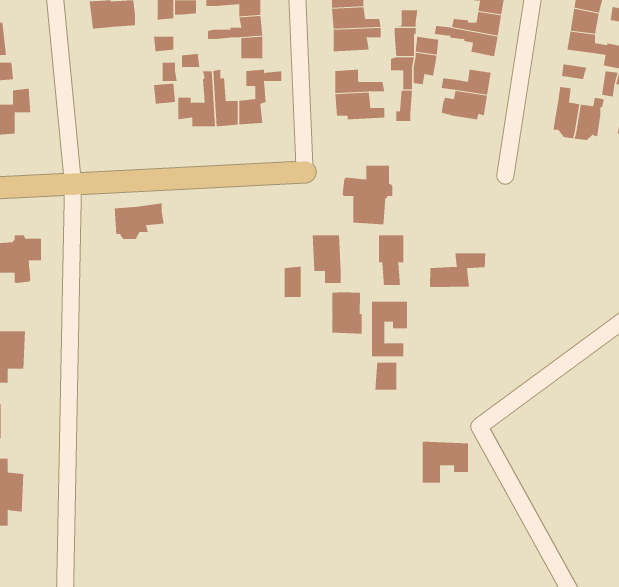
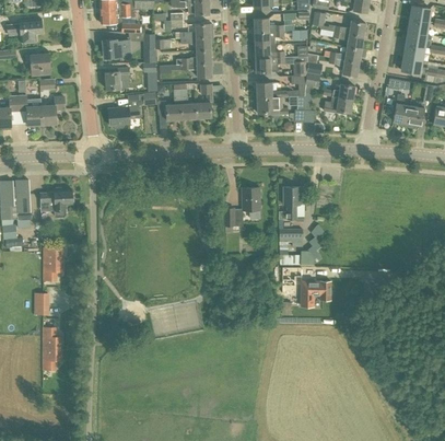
building: none -> [105,67,130,90]
building: [342,165,393,225] -> none
building: [114,203,164,240] -> [108,105,140,128]
building: [430,252,486,288] -> none
building: [332,291,362,334] -> none
building: [422,441,469,483] -> [301,280,330,306]

